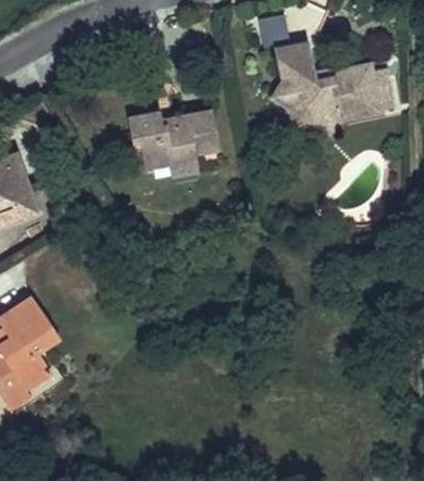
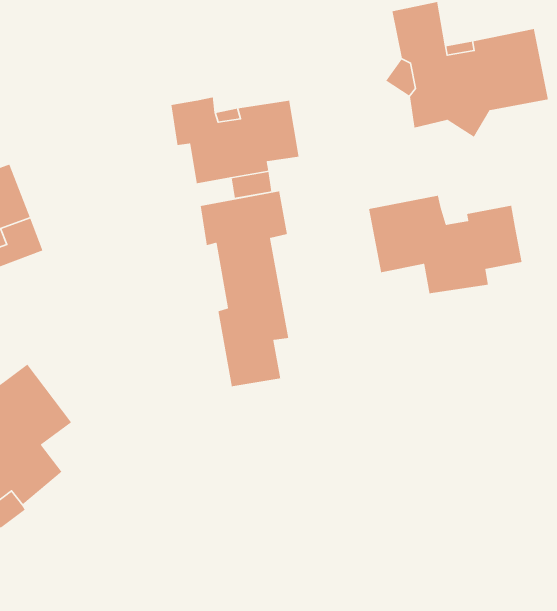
building: none -> [200,191,289,387]
building: none -> [368,195,523,294]

